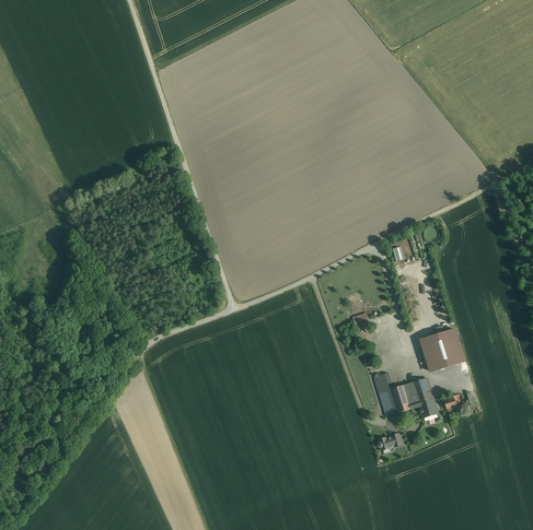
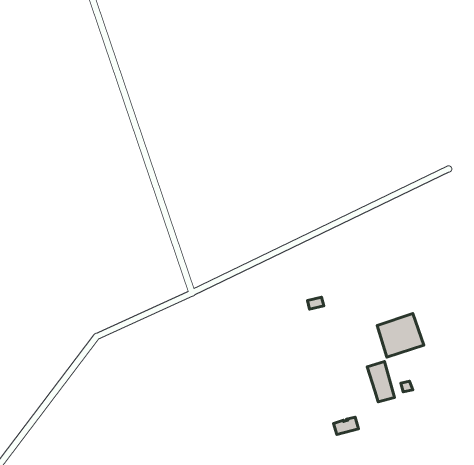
building: [372,372,417,415] -> none

